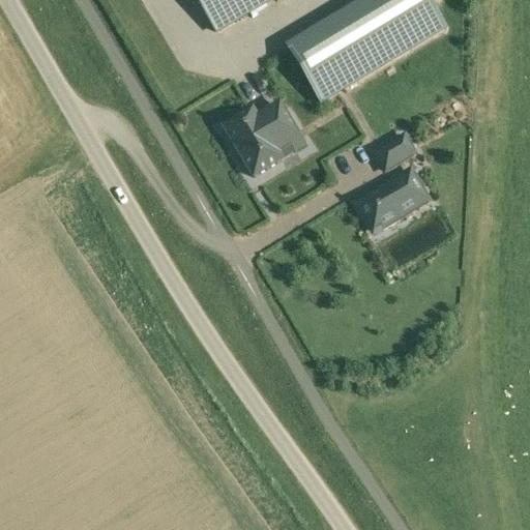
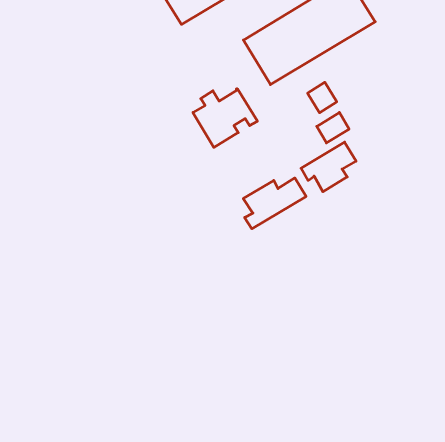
building: none -> [308,82,337,113]
building: none -> [243,178,306,229]

